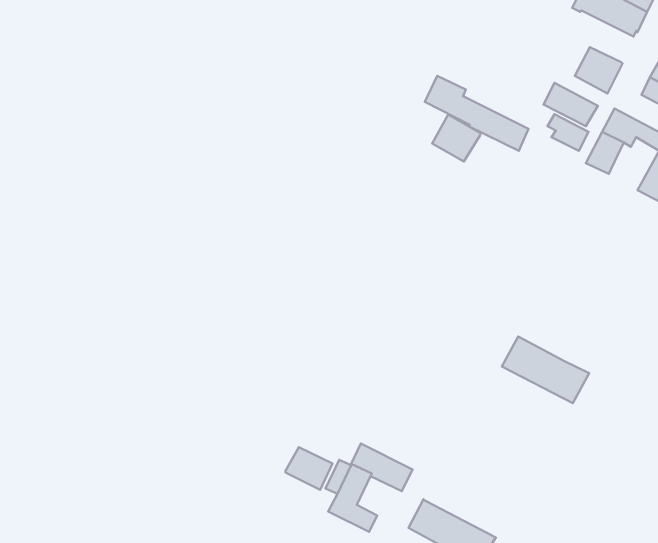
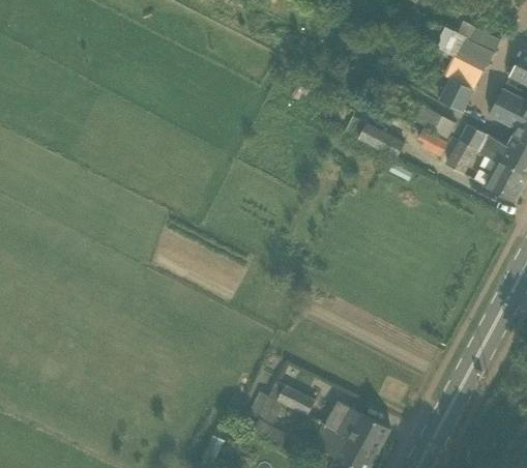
building: none -> [442,51,482,90]
building: [432,114,481,161] -> none
building: [502,337,589,403] -> [324,401,390,451]
building: [286,447,332,490] -> none

